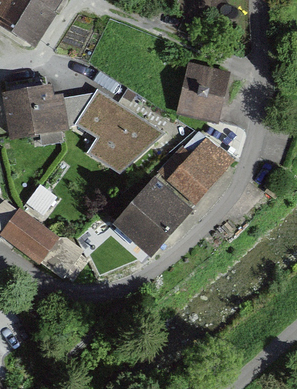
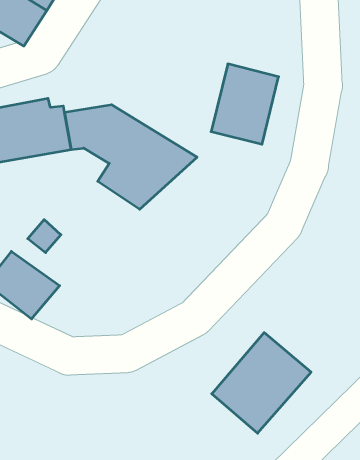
building: [166,142,231,205] -> none
building: [109,177,187,256] -> [212,333,311,433]

